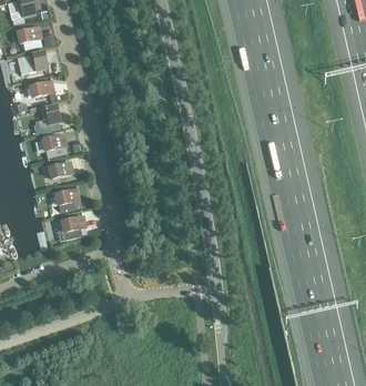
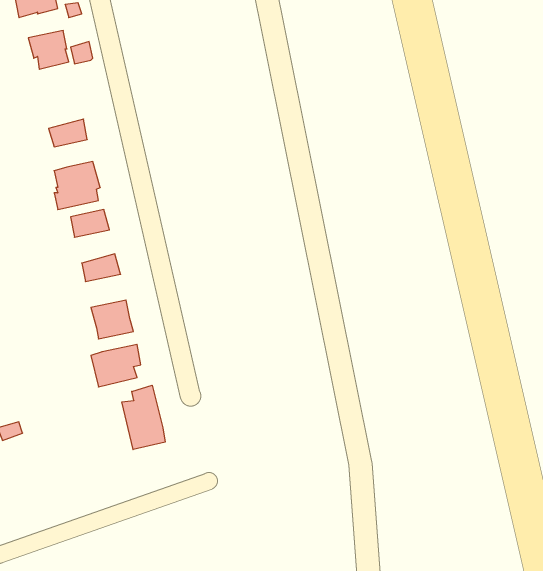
building: [18,51,48,73] -> none
building: none -> [122,385,165,450]

